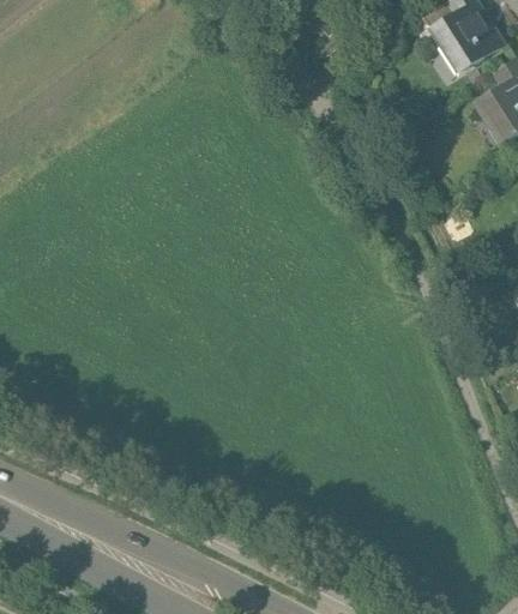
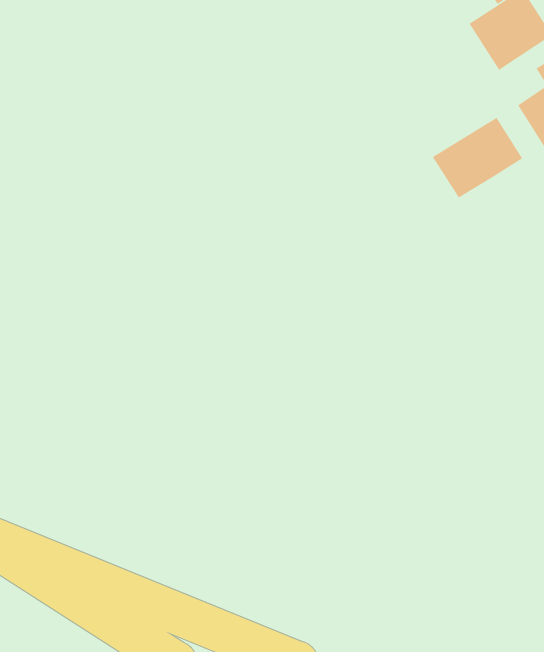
building: none -> [432,117,523,199]

